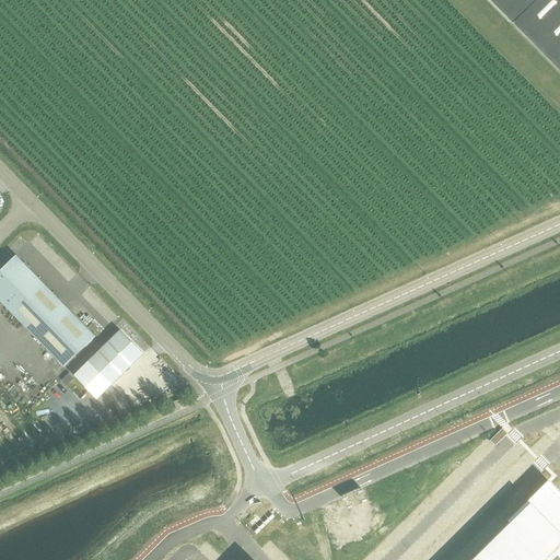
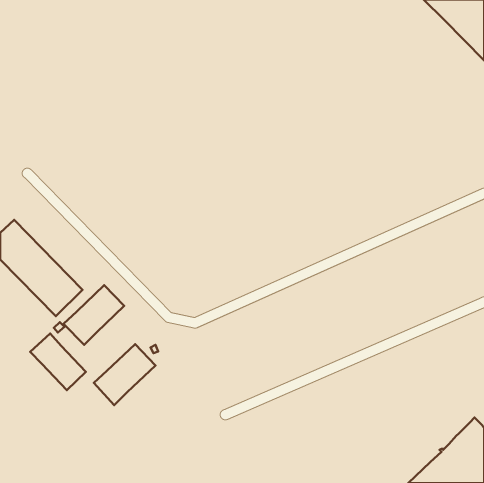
building: none -> [30,334,86,390]
building: none -> [94,344,156,405]

